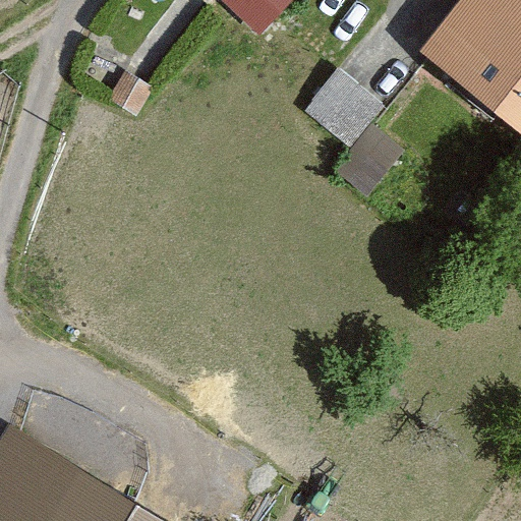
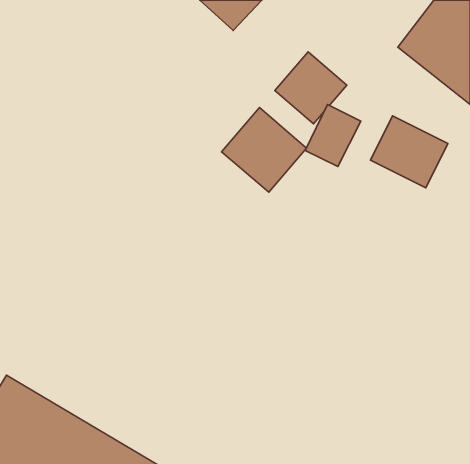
building: none -> [222,108,307,192]
building: none -> [370,116,448,188]

